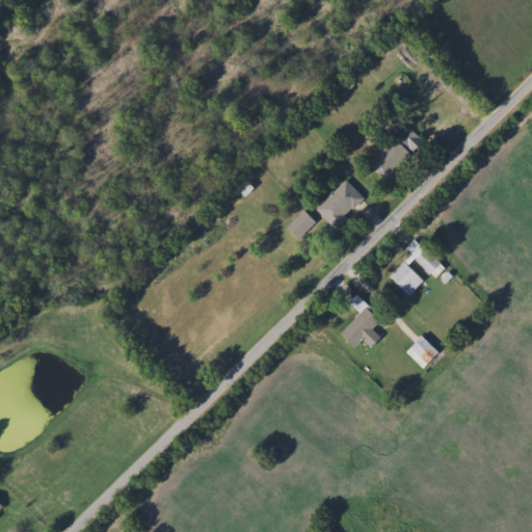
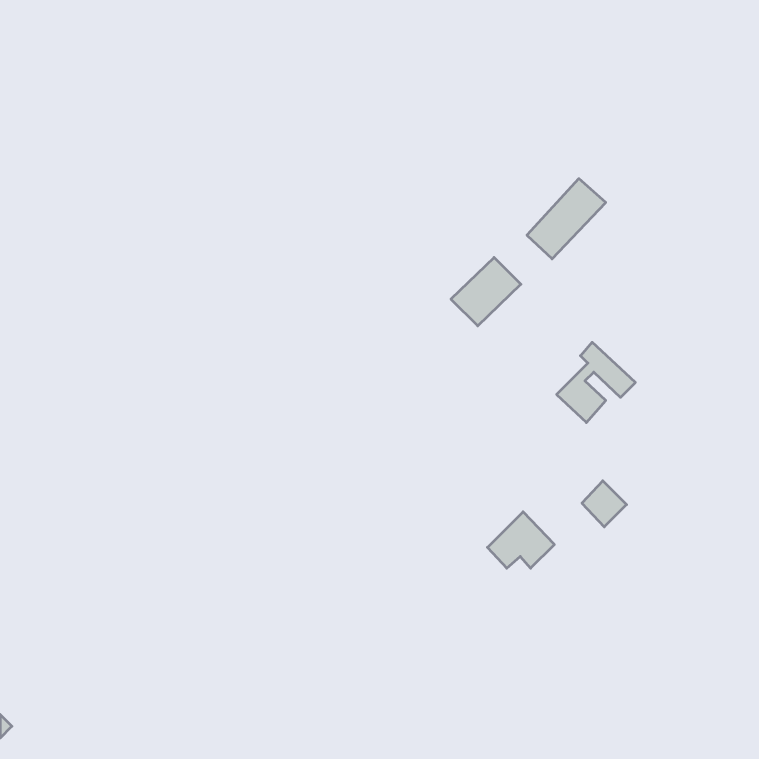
building: [287,210,316,239] -> none
building: [341,308,388,347] -> [487,512,554,568]

